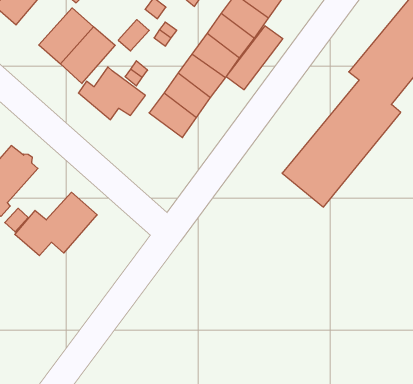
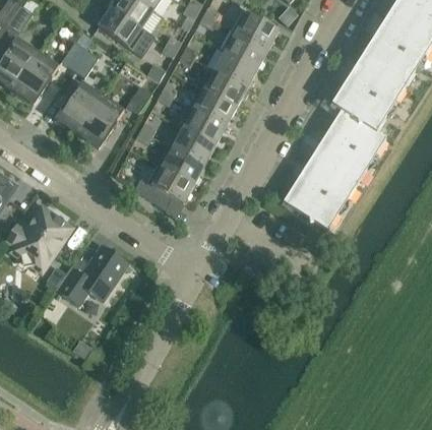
building: [226,26,283,90] -> none
building: [78,67,145,120] -> [133,163,193,209]

